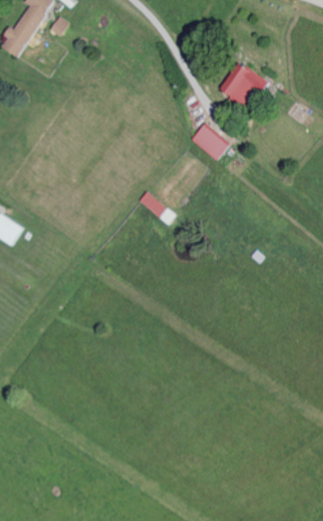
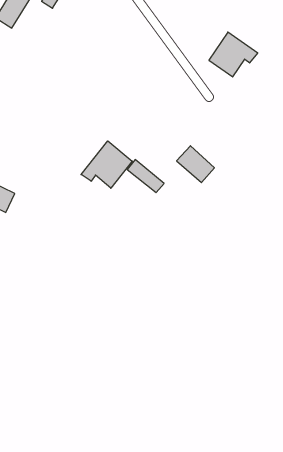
building: [190,122,228,160] -> [177,146,214,183]
building: none -> [81,141,132,188]

